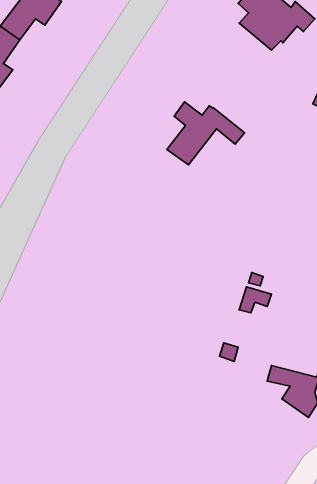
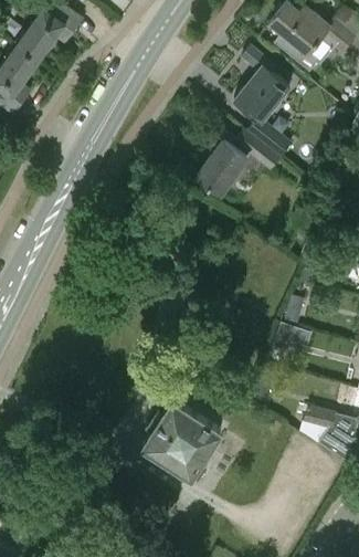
building: none -> [233,46,291,158]
building: none -> [142,399,221,477]

